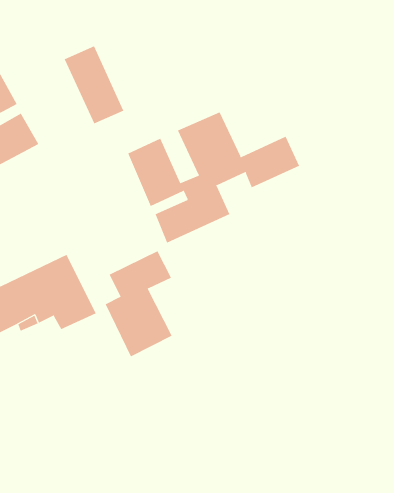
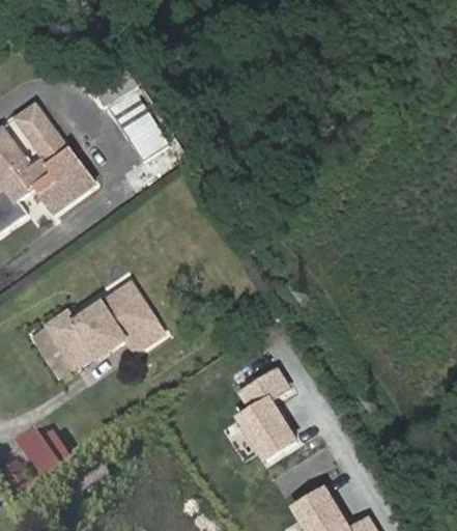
building: [128,112,300,243] -> none
building: [105,251,173,357] -> [237,365,302,464]

